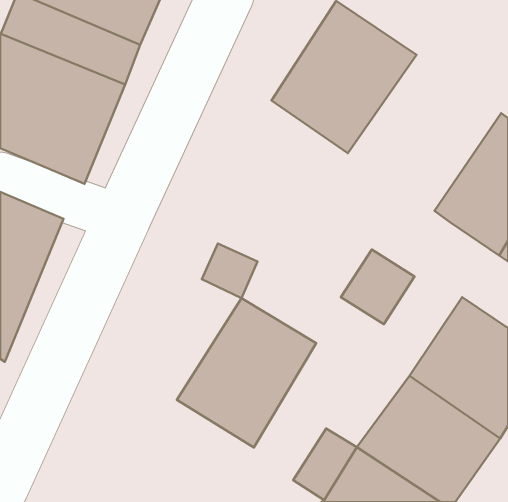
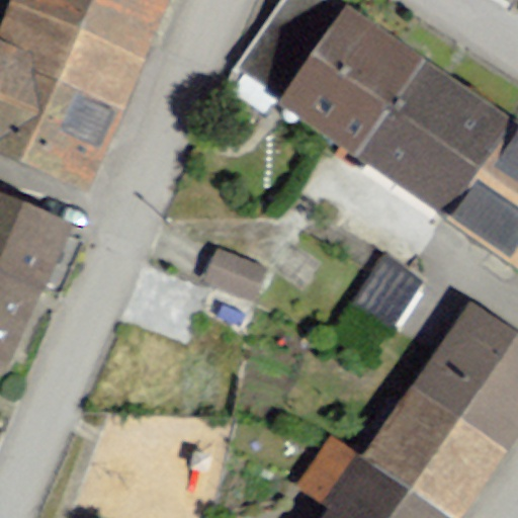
building: none -> [354,56,510,214]
building: [177,298,316,448] -> none

